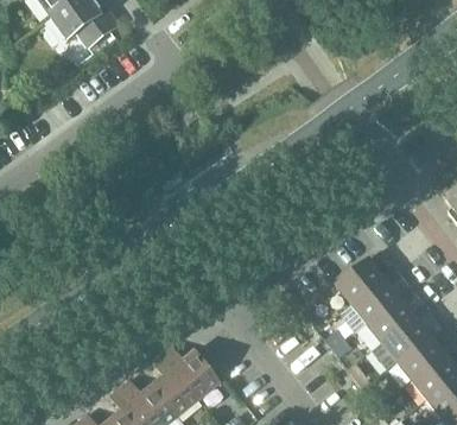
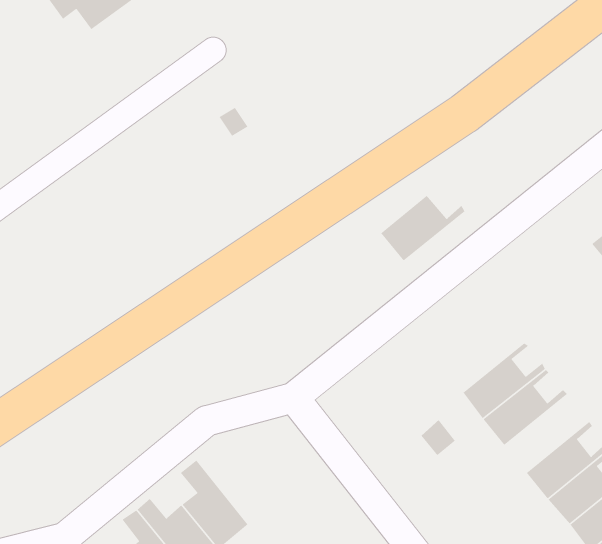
building: [335,258,395,305] -> [380,195,465,262]
building: [381,306,442,362] -> none
building: [163,345,221,399] -> none

